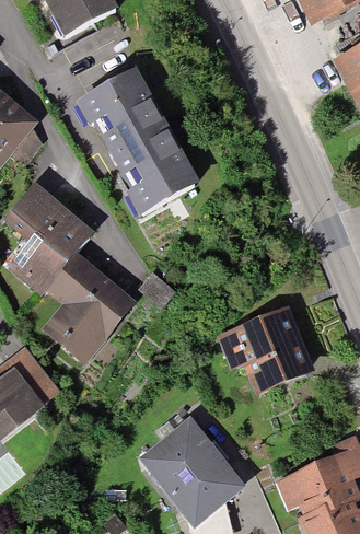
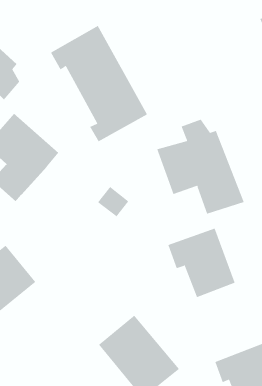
building: none -> [157,119,245,215]
building: [44,246,137,363] -> none

